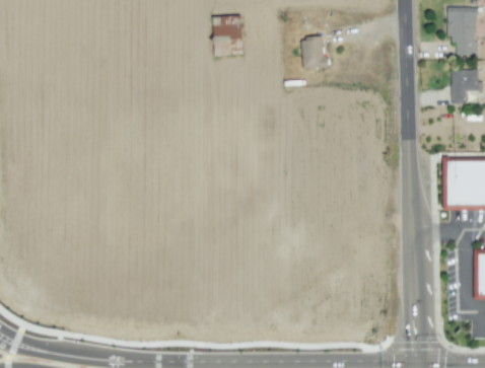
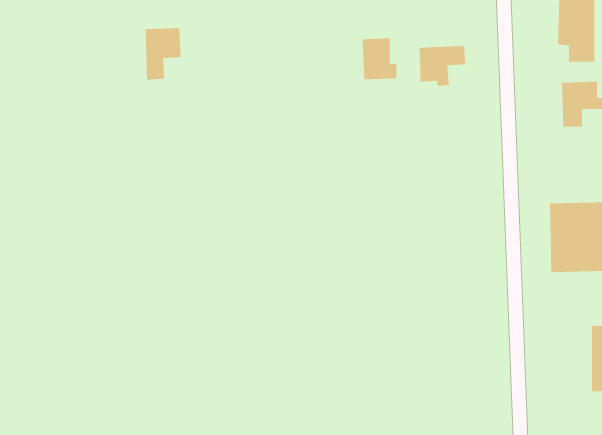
building: [215,15,243,55] -> [145,27,181,80]
building: none -> [419,45,466,87]

